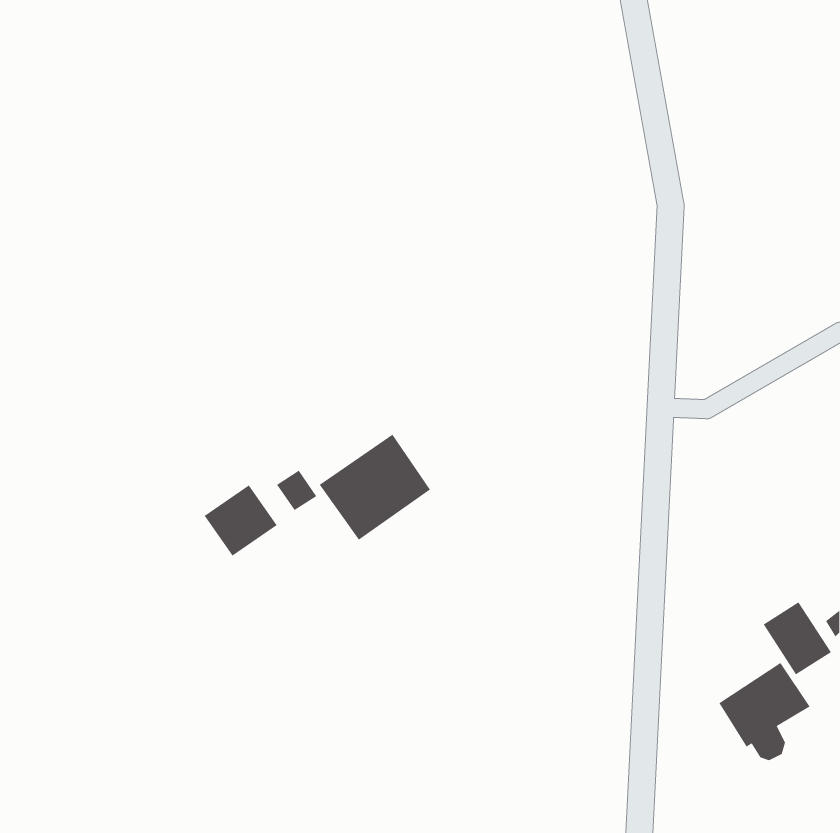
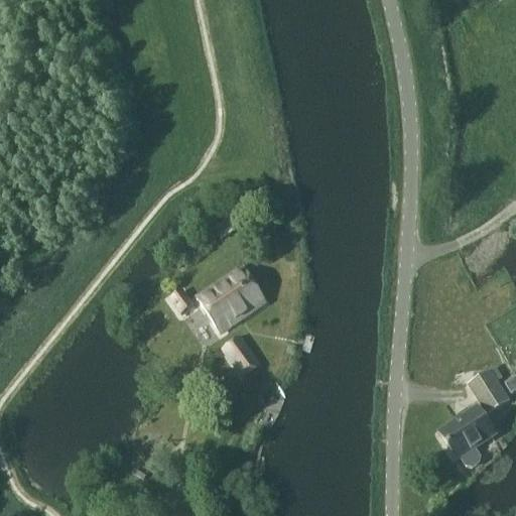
building: [204,484,277,556] -> none
building: none -> [221,335,261,377]

